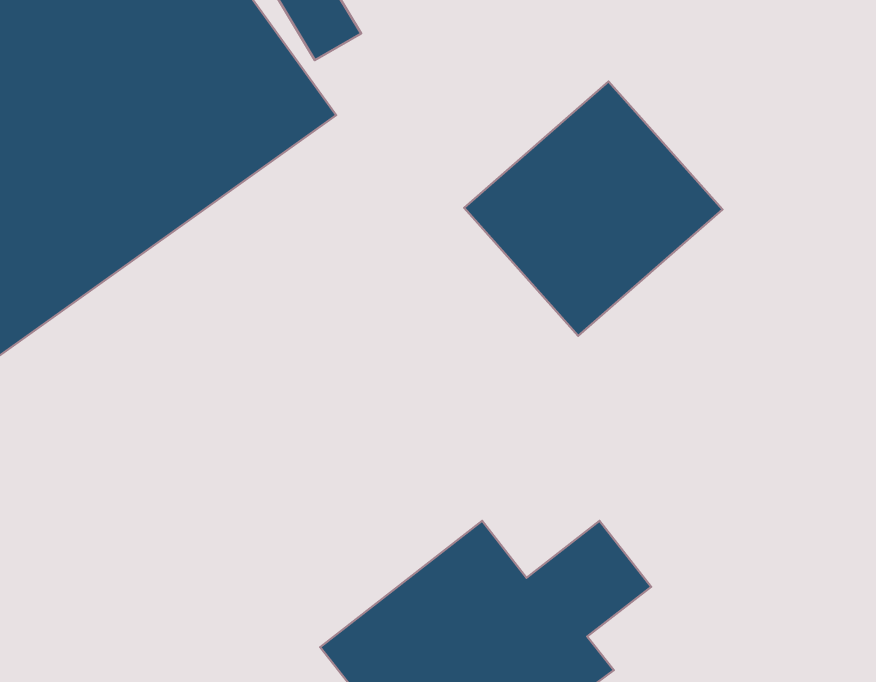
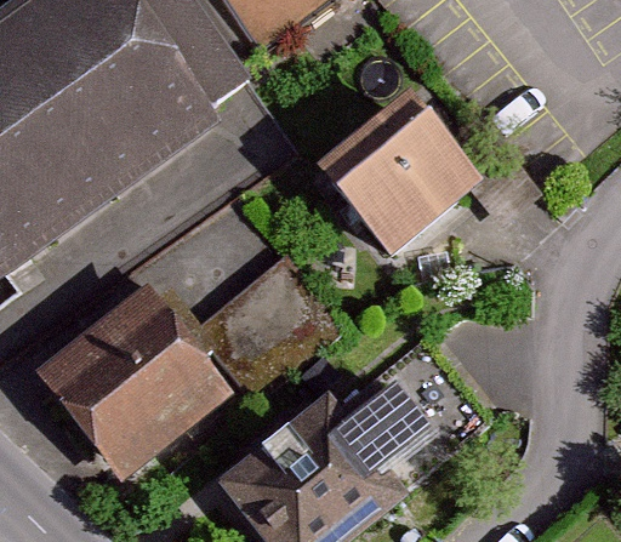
building: none -> [27,284,218,473]

